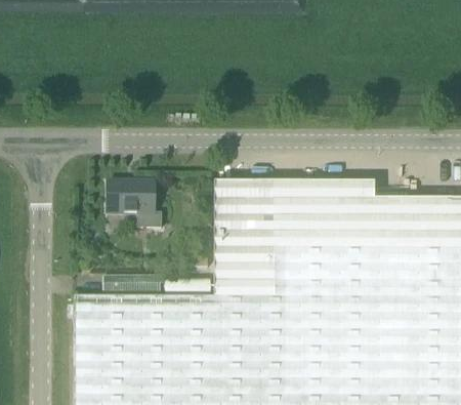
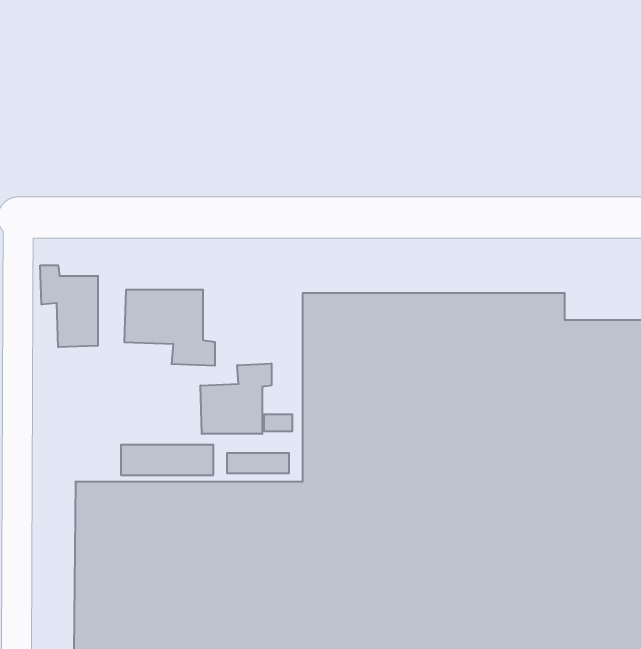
building: none -> [40,265,98,347]
building: none -> [200,363,271,434]

